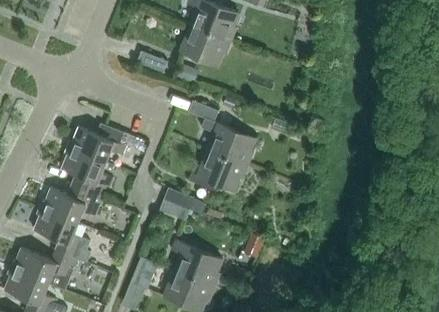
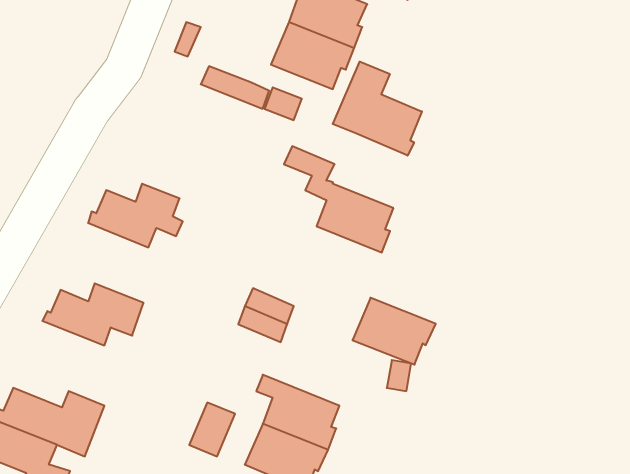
building: none -> [333,62,422,156]
building: [62,147,113,196] -> none
building: [197,149,248,190] -> [352,298,436,365]
building: [34,207,91,262] -> none

